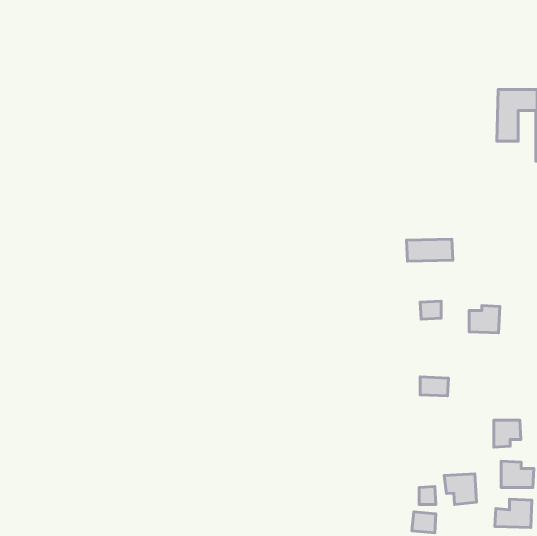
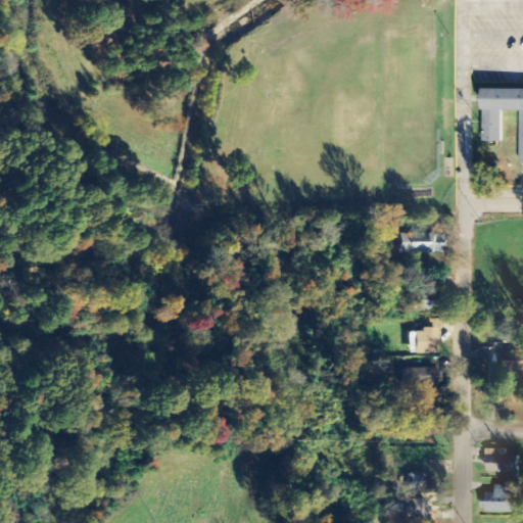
building: [469,305,500,333] -> [408,326,437,352]
building: [494,420,521,447] -> none
building: [444,474,476,504] -> none

